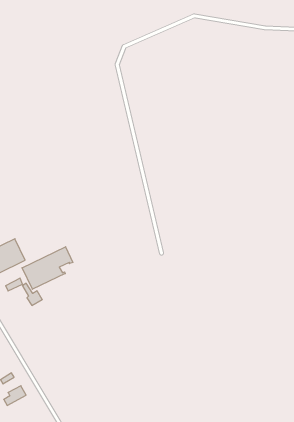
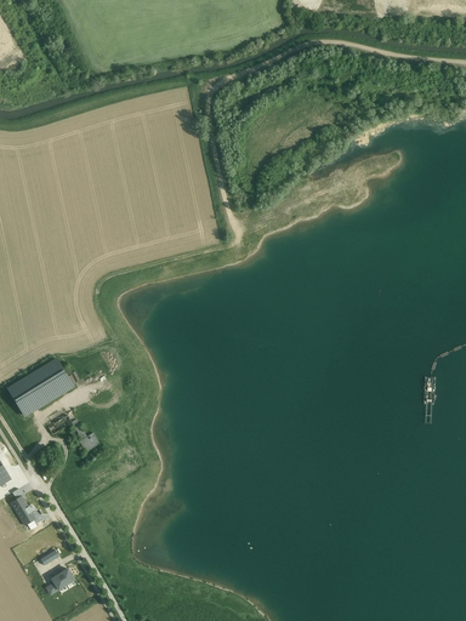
building: [22,247,73,289] -> none

